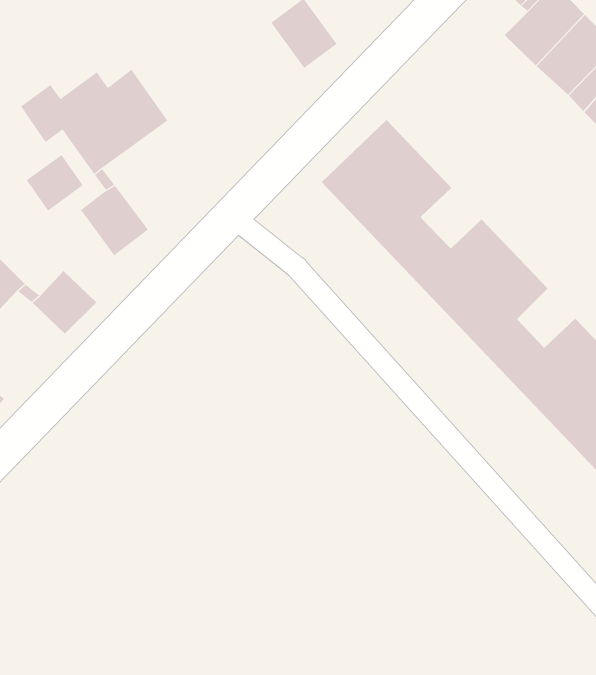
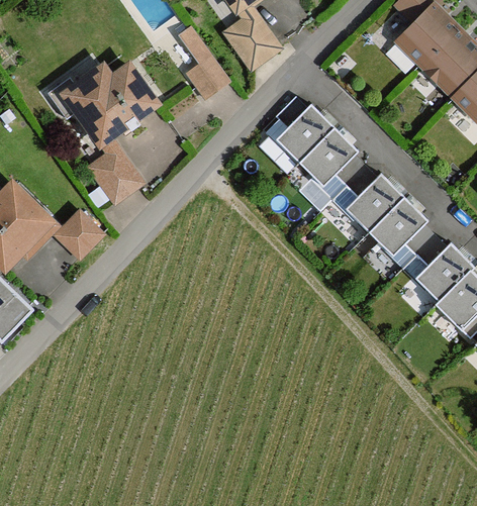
building: none -> [182,25,229,97]
building: [26,154,84,211] -> none

